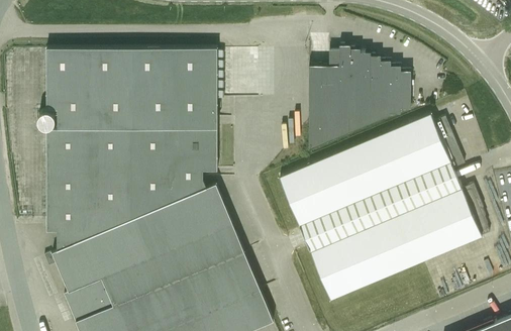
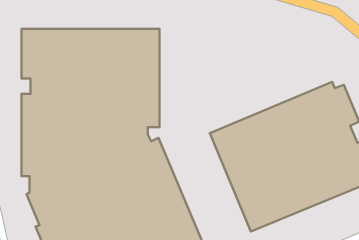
building: [308,47,410,151] -> none

